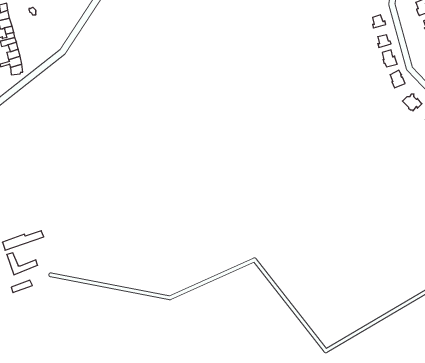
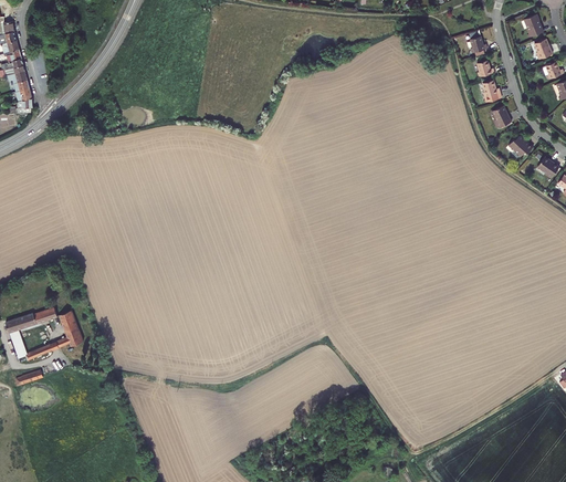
building: none -> [53,310,83,350]

